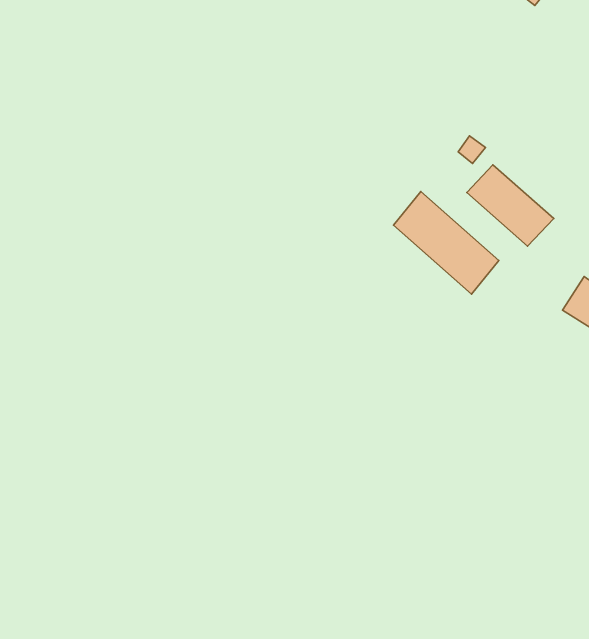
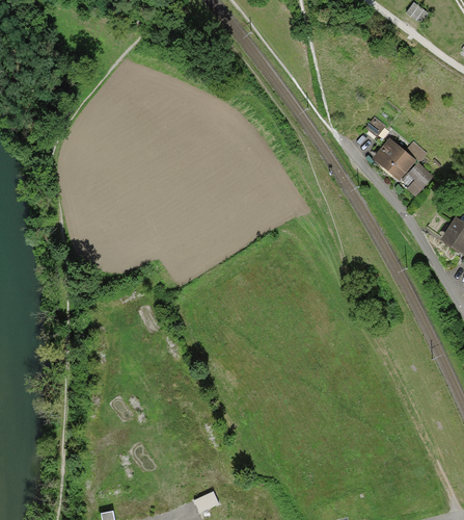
building: [394,192,499,294] -> none

